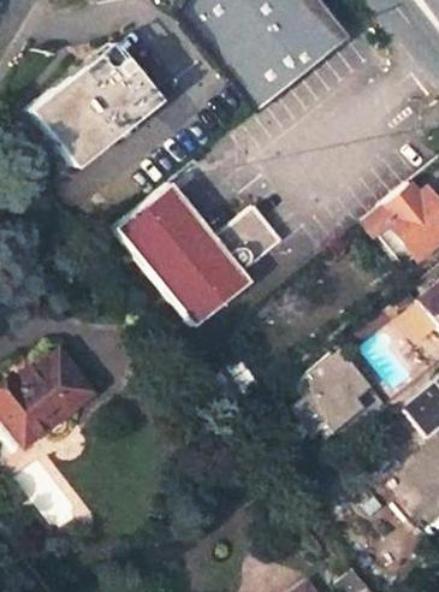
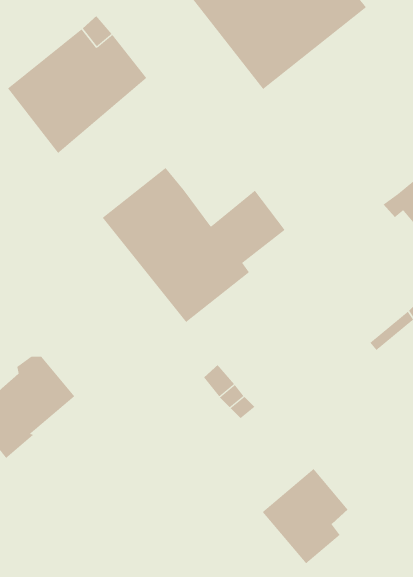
building: [292,347,370,433] -> [262,468,348,564]

